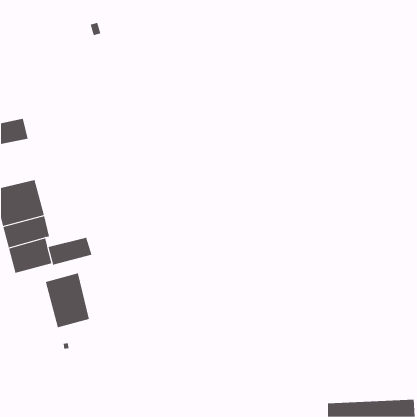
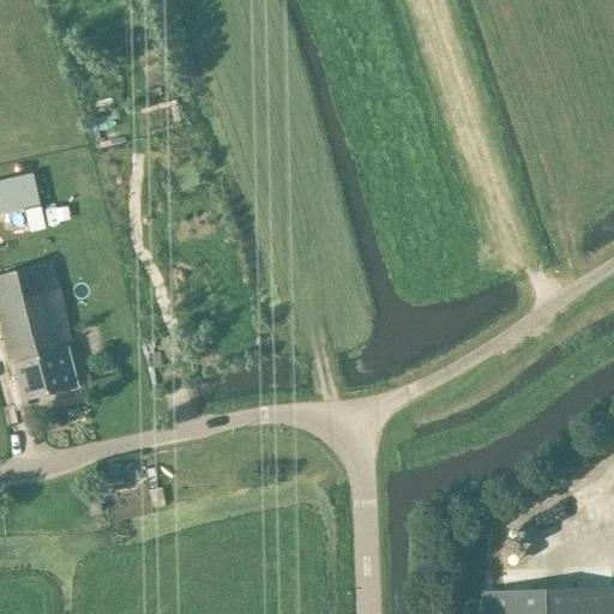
building: [48,237,92,266] -> none
building: [45,273,90,328] -> none

